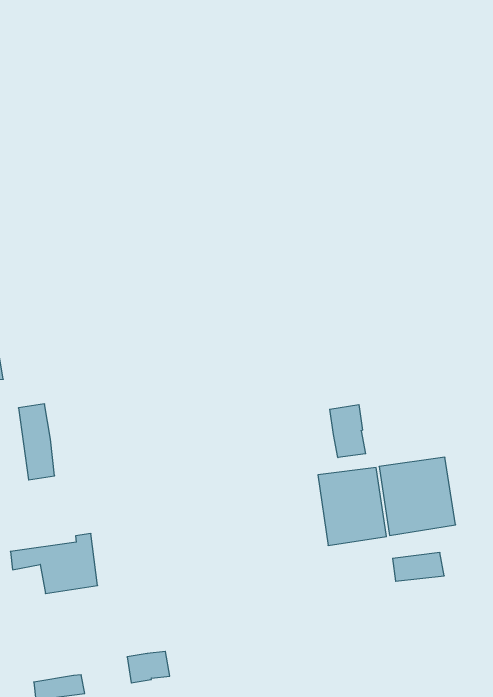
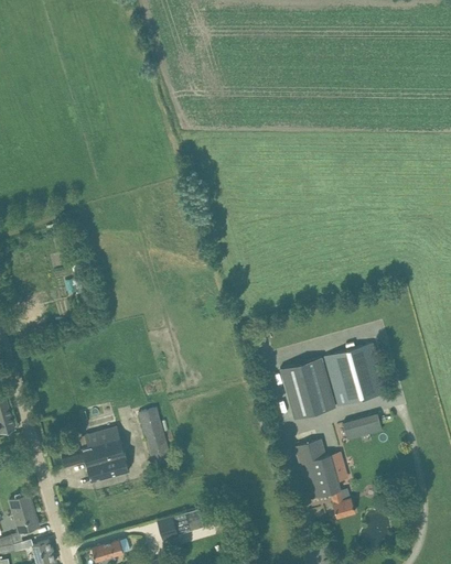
building: [18,404,55,480] -> [138,406,171,464]
building: [330,405,366,458] -> none
building: none -> [294,438,354,517]

